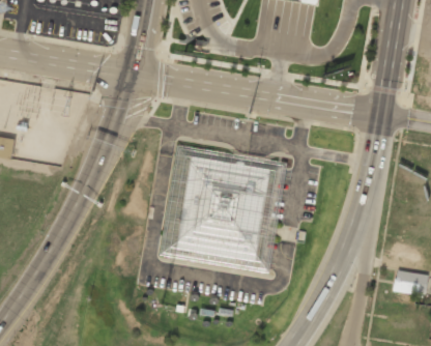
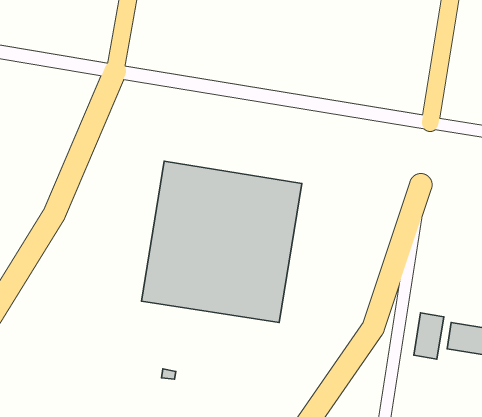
building: none -> [414,313,444,359]

